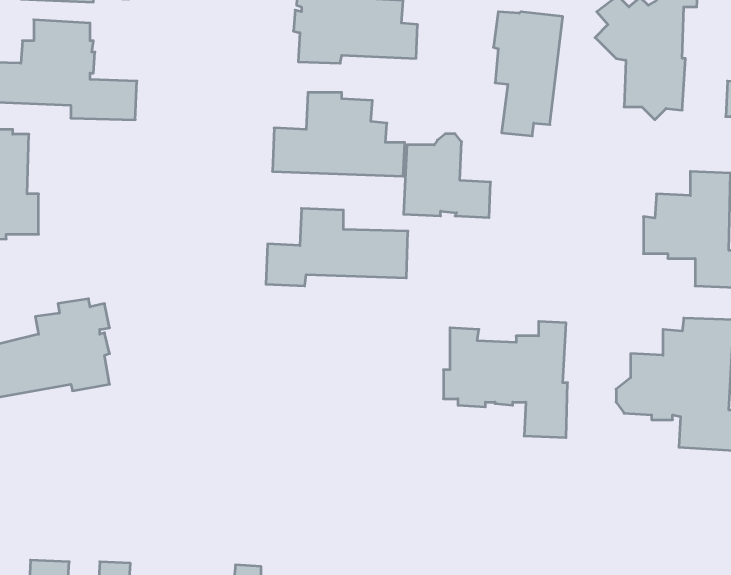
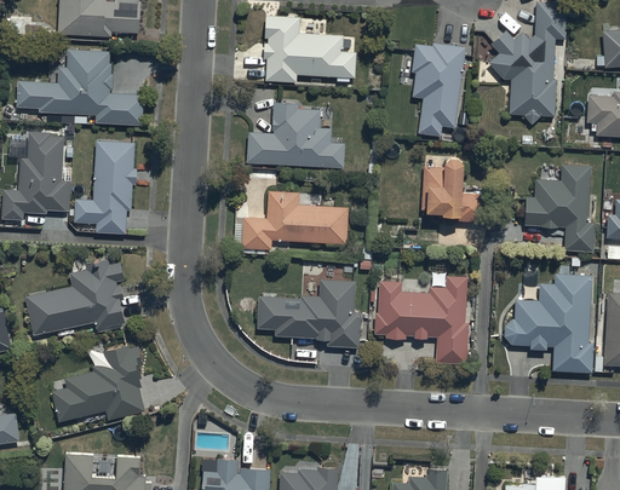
building: [404,134,491,218] -> [420,158,486,221]
building: none -> [73,140,137,234]
building: none -> [257,279,361,347]
building: none -> [51,346,144,420]

